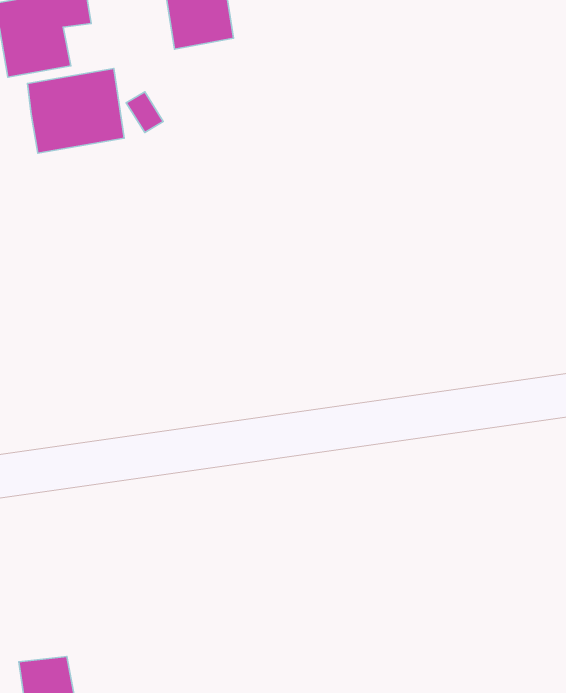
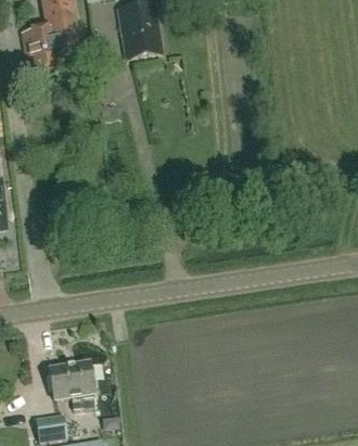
building: [27,68,124,153] -> none
building: none -> [49,361,94,398]

